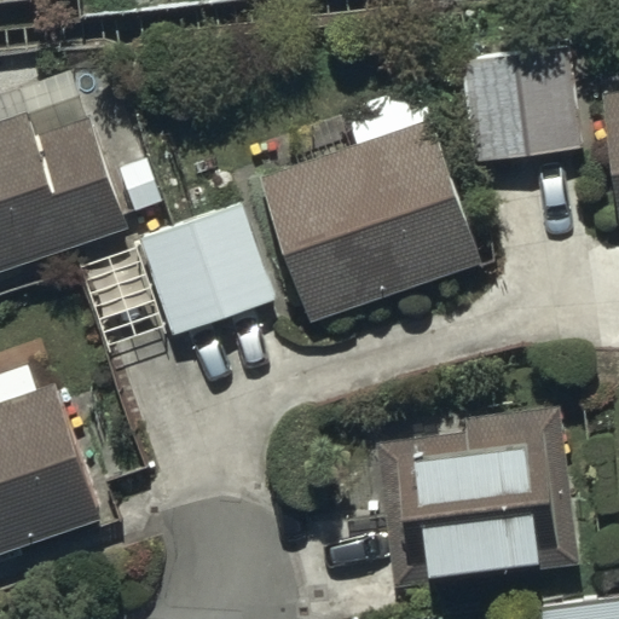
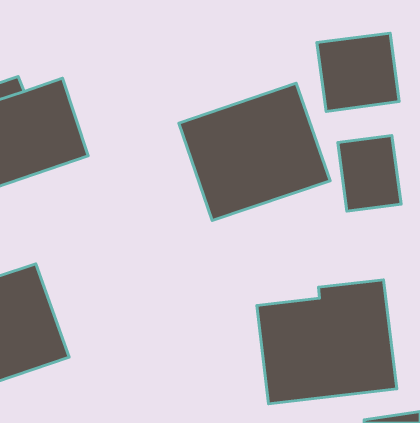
building: none -> [338,135,401,211]
building: [137,199,274,332] -> none

